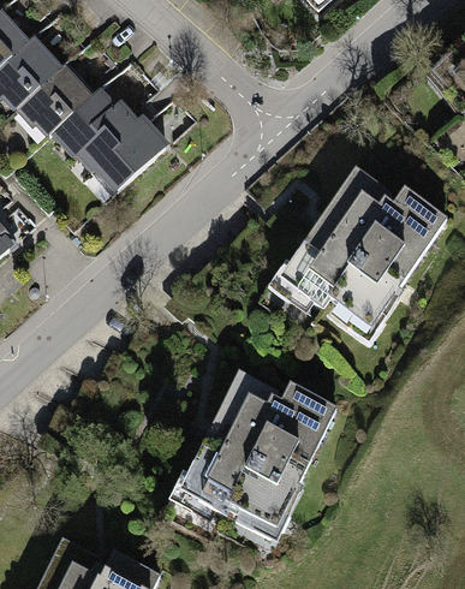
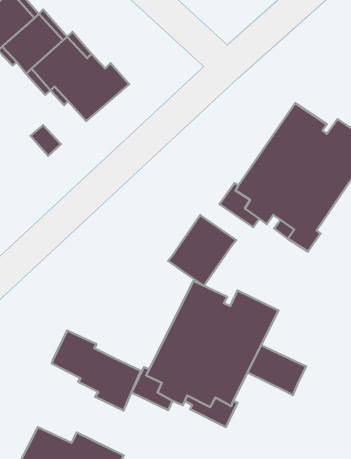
building: none -> [168,215,236,286]
building: none -> [52,331,141,410]
building: none -> [247,345,306,395]

